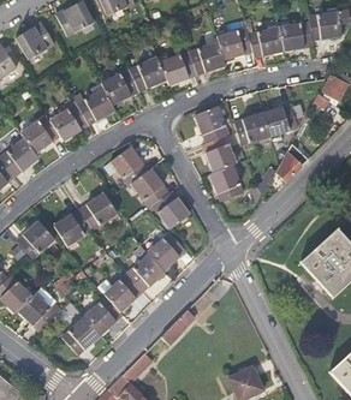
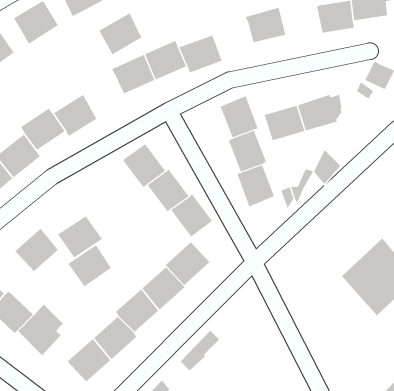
building: [248,26,284,58] -> none
building: [189,41,225,74] -> none
building: [76,88,114,125] -> [98,13,143,55]
building: [78,192,117,229] -> [68,245,112,287]

